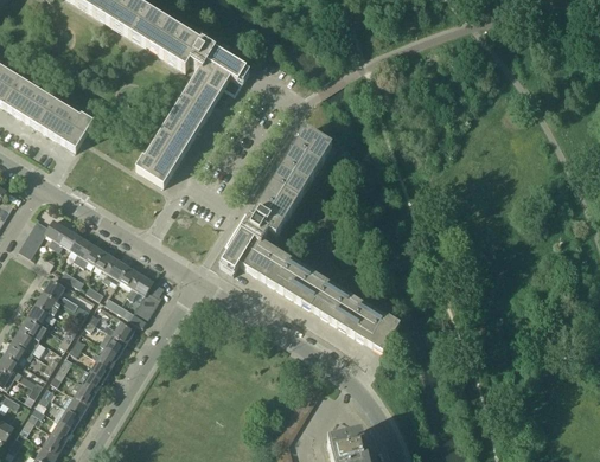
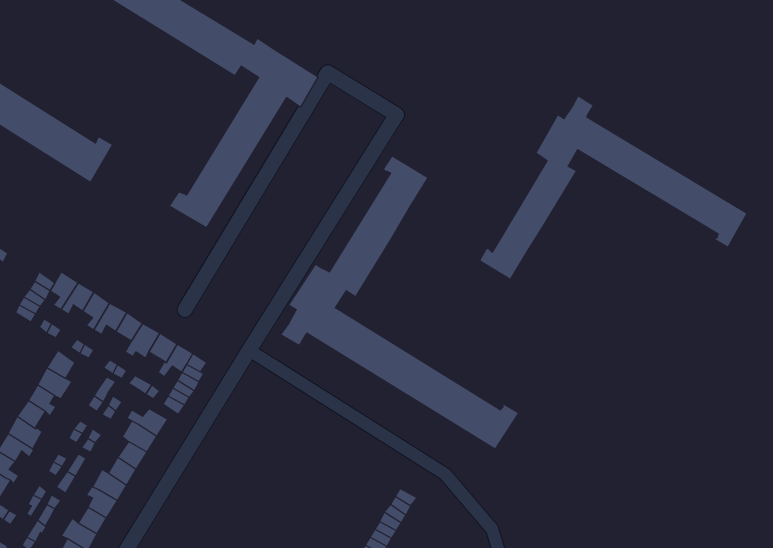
building: none -> [480,95,747,279]

